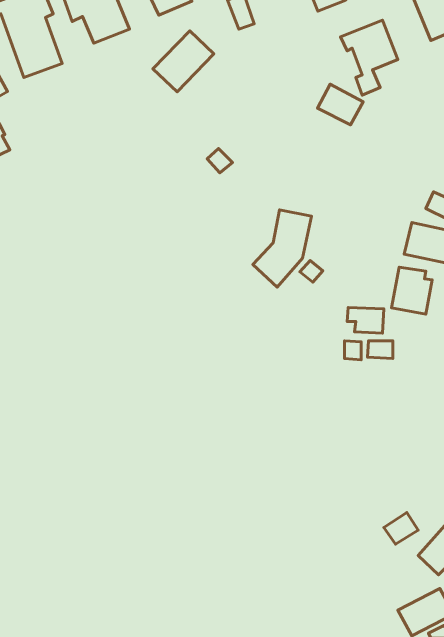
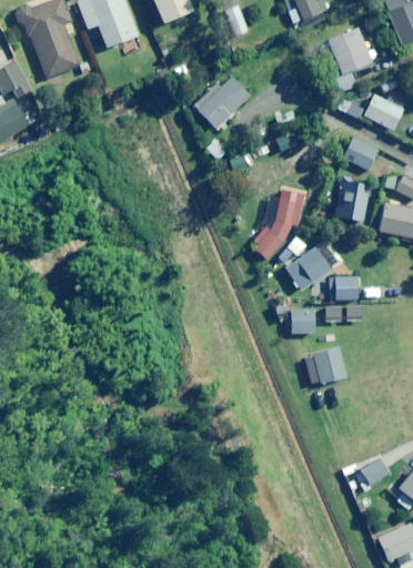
building: [153,31,214,92] -> [195,75,249,129]
building: [318,84,363,125] -> [363,94,403,130]
building: none -> [346,140,376,170]
building: [392,267,432,314] -> [333,180,369,221]
building: none -> [284,247,330,290]
building: none -> [291,310,315,333]
building: none -> [303,347,346,386]

